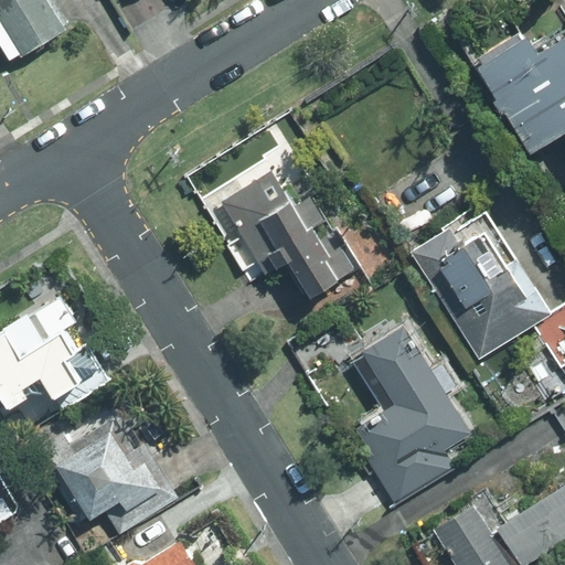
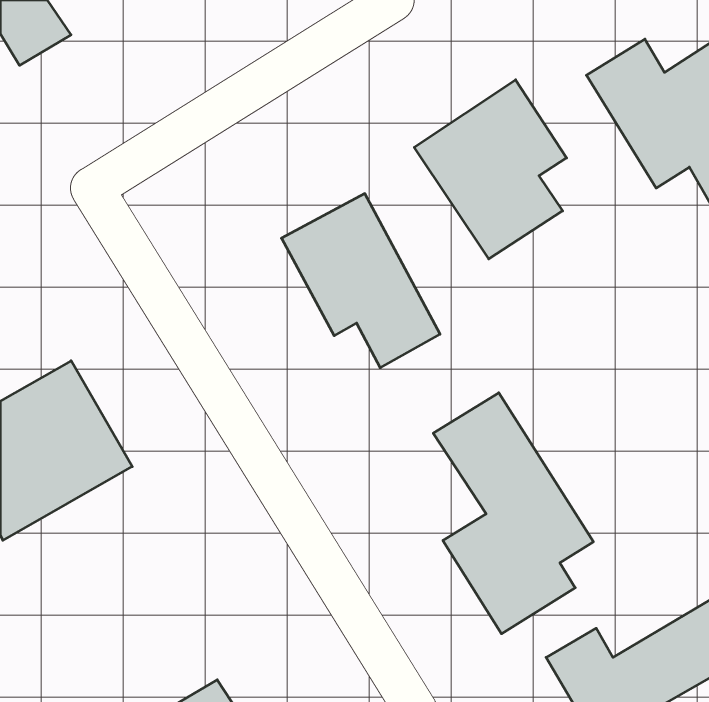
building: none -> [414,80,567,259]
building: [404,199,558,365] -> none
building: [54,417,161,529] -> none

